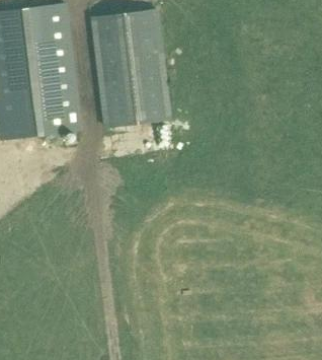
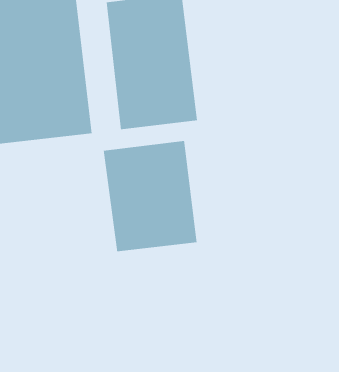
building: none -> [103,140,197,252]

